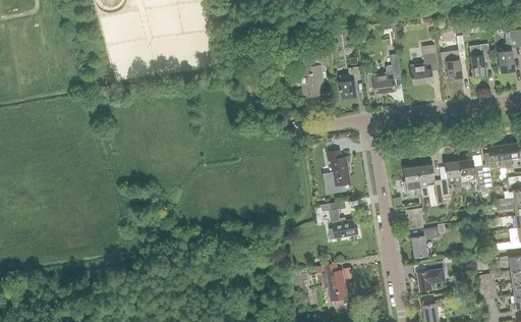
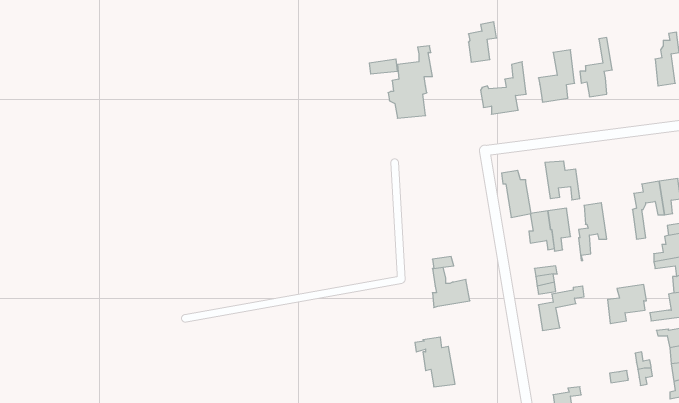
building: [470,42,489,73] -> none
building: [339,65,360,96] -> [468,22,497,62]
building: [327,149,349,184] -> [502,170,531,217]
building: [458,158,484,187] -> [545,161,580,200]
building: [416,260,446,289] -> [608,285,646,324]

